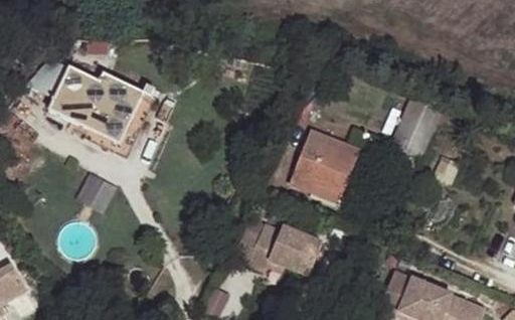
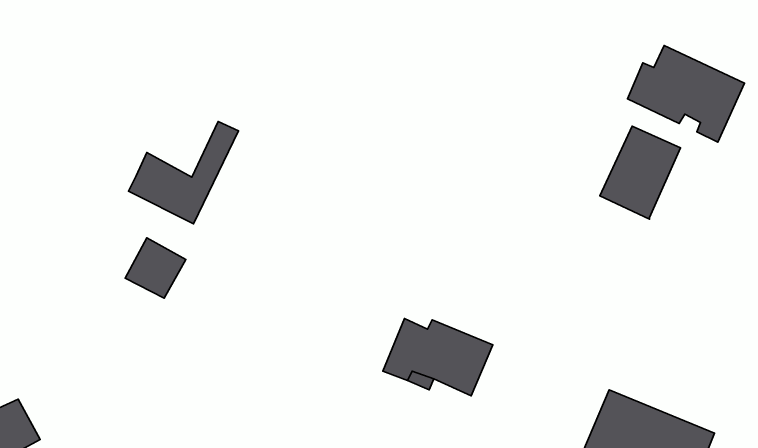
building: none -> [627,46,745,142]
building: [50,69,143,130] -> none
building: [290,130,358,193] -> none

